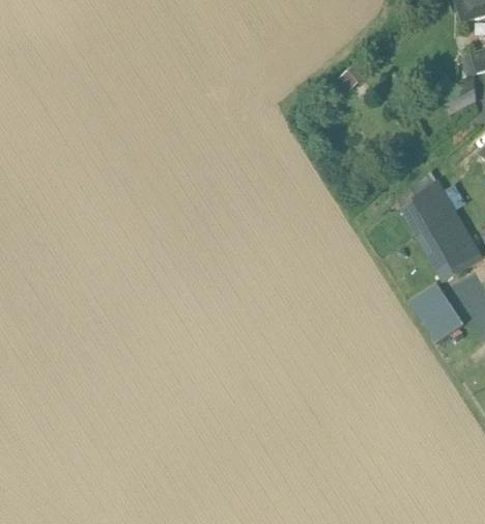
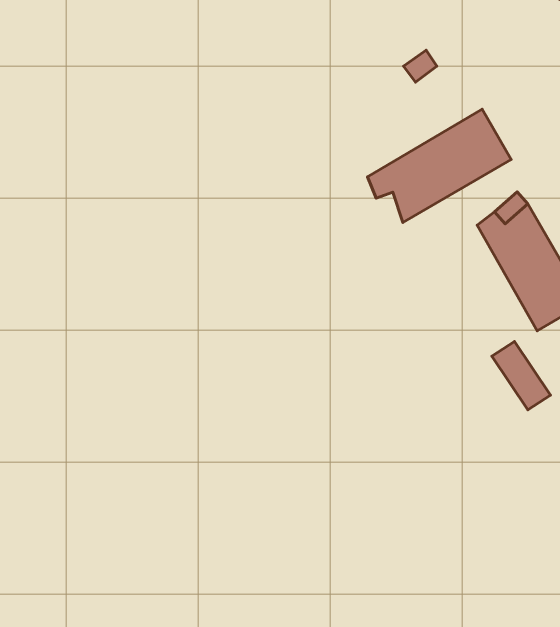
building: none -> [368,109,511,222]

